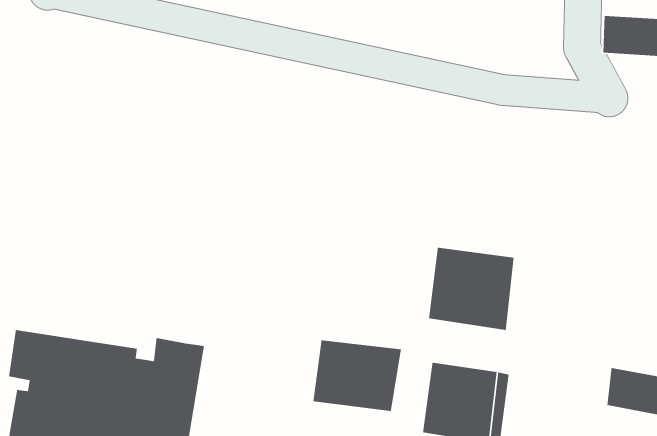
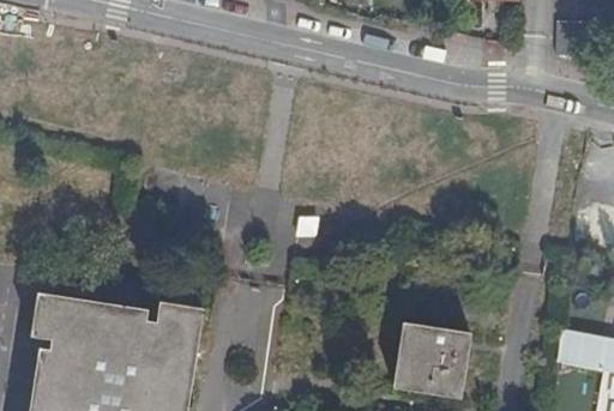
building: [428,247,514,331] -> none
building: [312,340,402,412] -> none

